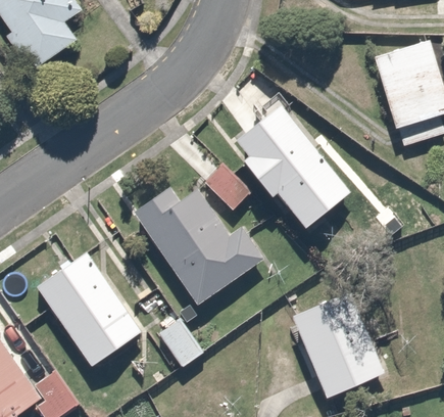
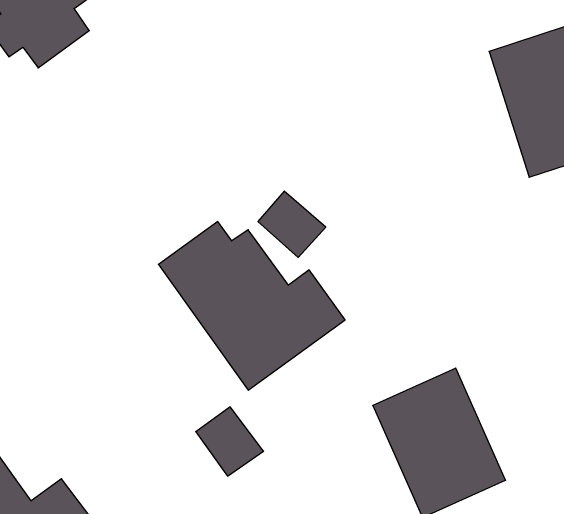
building: [236,105,350,228] -> none
building: [33,250,144,367] -> none

